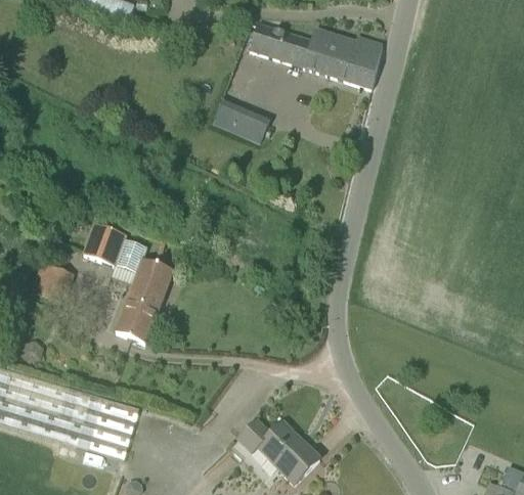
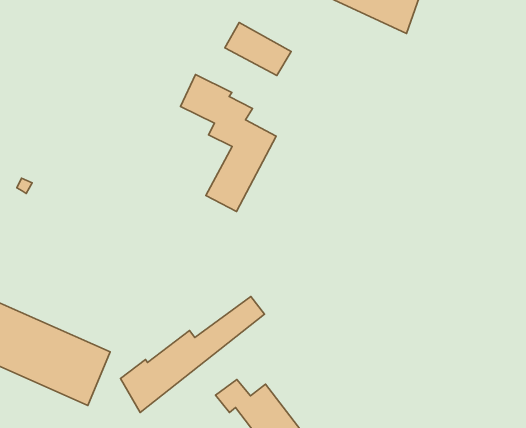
building: [82,224,172,344] -> [180,74,276,212]
building: none -> [120,297,265,413]

